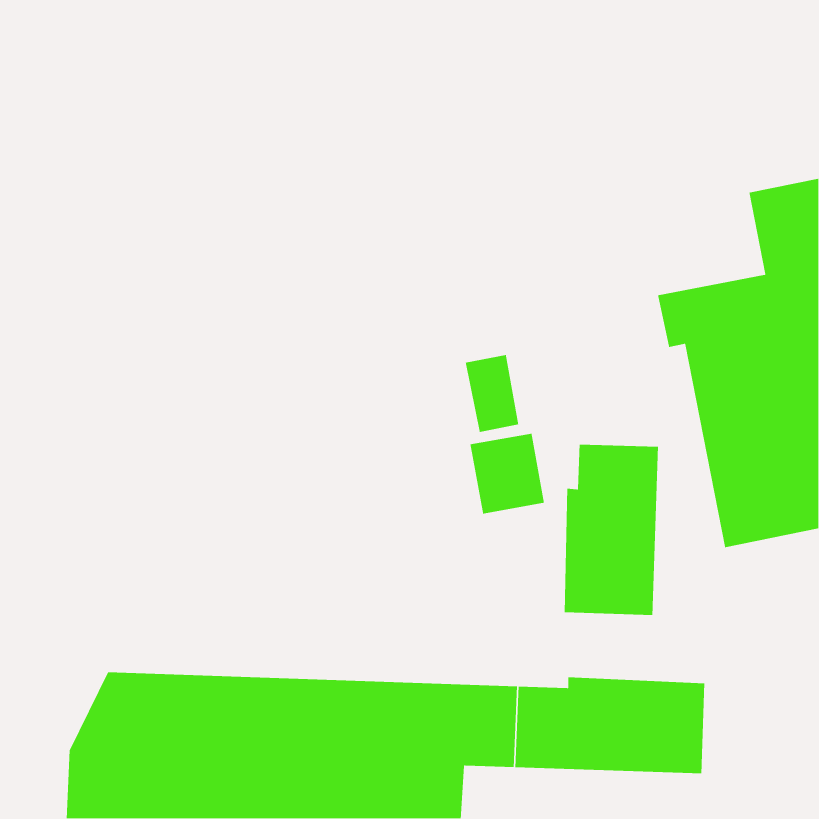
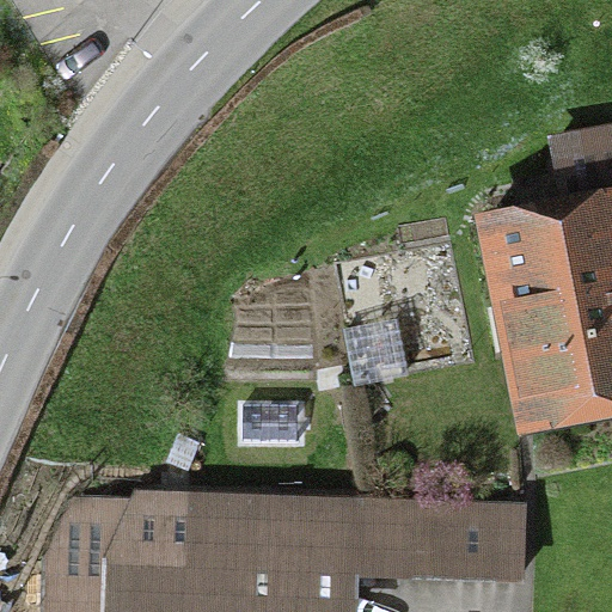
building: [564,444,659,616] -> none

